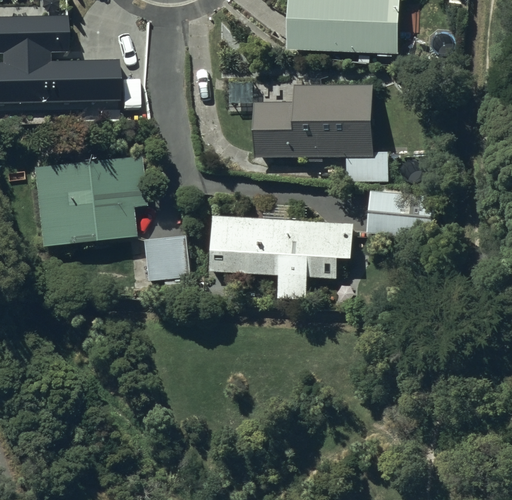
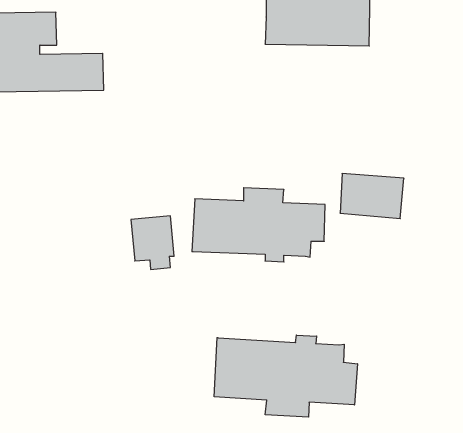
building: [254,84,387,177] -> none
building: [31,158,134,249] -> none
building: none -> [214,335,357,417]

